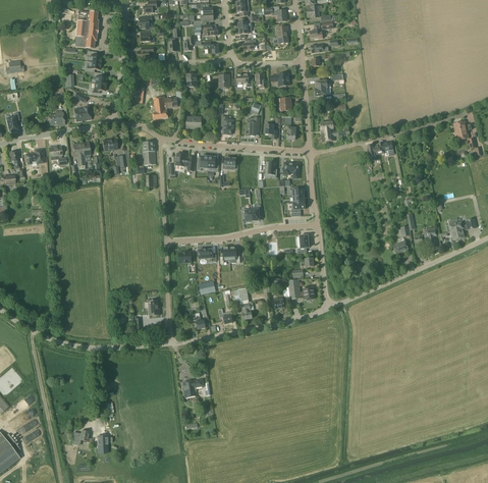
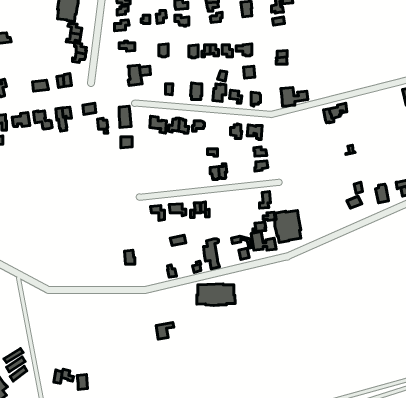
building: none -> [275,210,301,242]
building: none -> [197,284,235,306]

